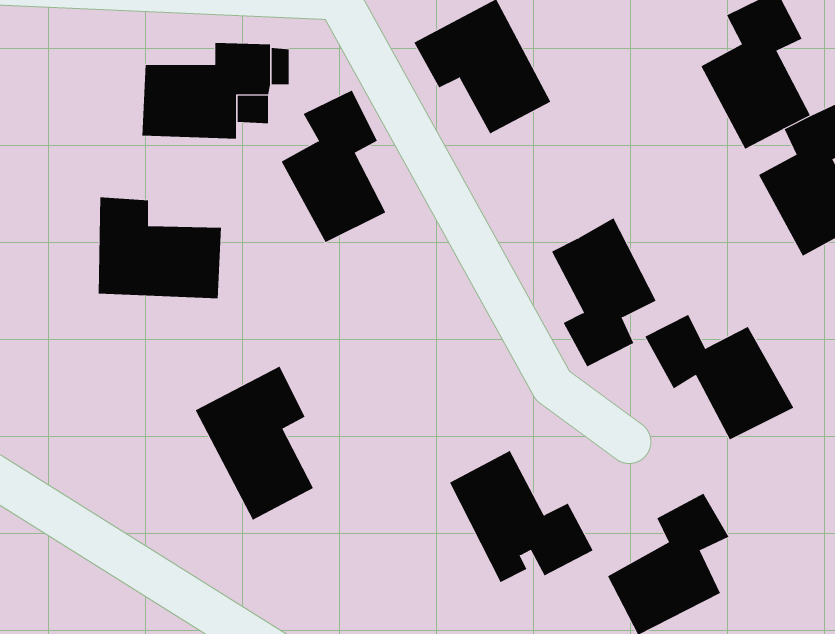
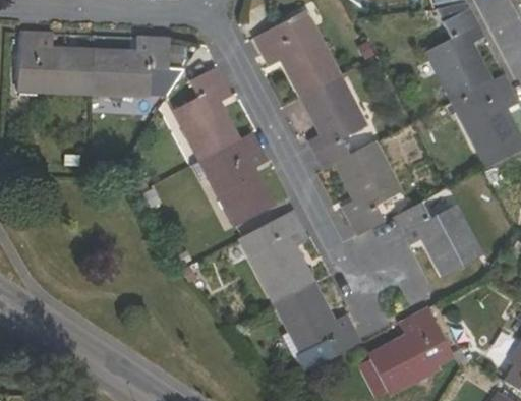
building: none -> [299,73,363,169]
building: [98,197,222,299] -> [18,33,93,94]
building: none -> [188,131,273,225]
building: [195,366,314,521] -> [240,209,311,301]

